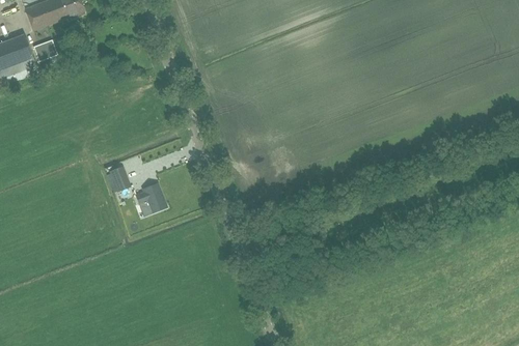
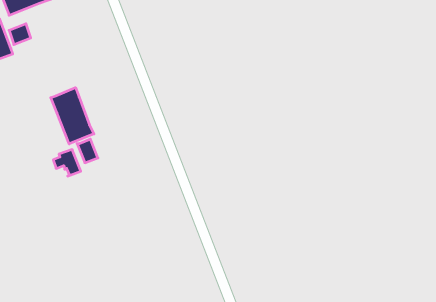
building: none -> [51,88,94,144]
building: [136,182,166,211] -> [53,150,81,176]

